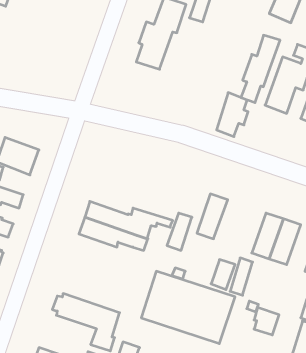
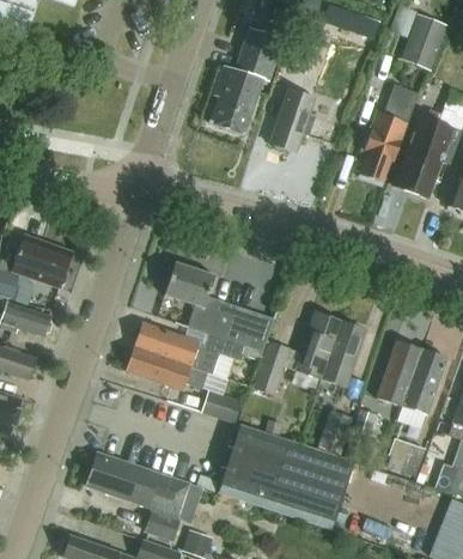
building: [217,93,248,137] -> [270,90,316,153]
building: none -> [164,263,275,352]
building: none -> [322,322,366,387]
building: none -> [199,390,238,423]
building: [254,307,279,335] -> [392,437,428,476]

